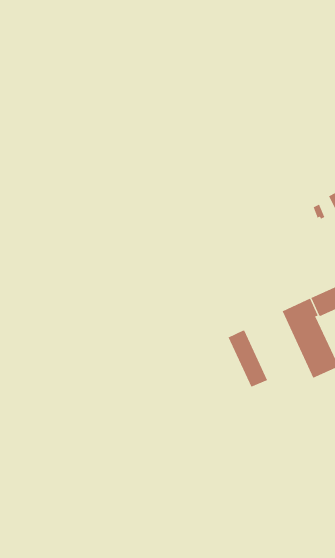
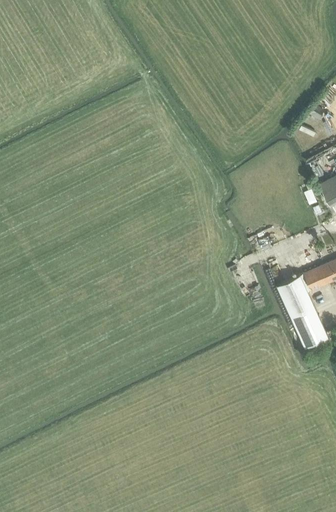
building: [228,330,268,388] -> none

